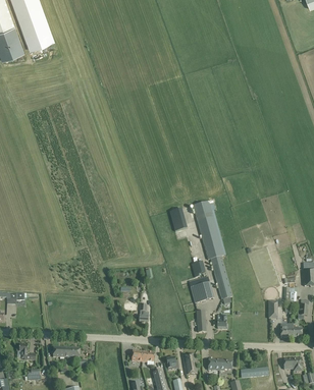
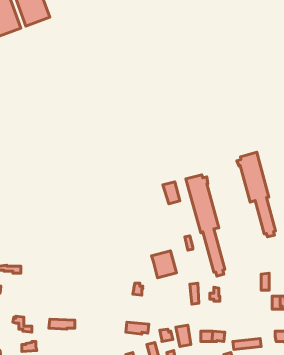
building: none -> [237,152,275,237]
building: [188,275,213,302] -> [151,251,176,278]

